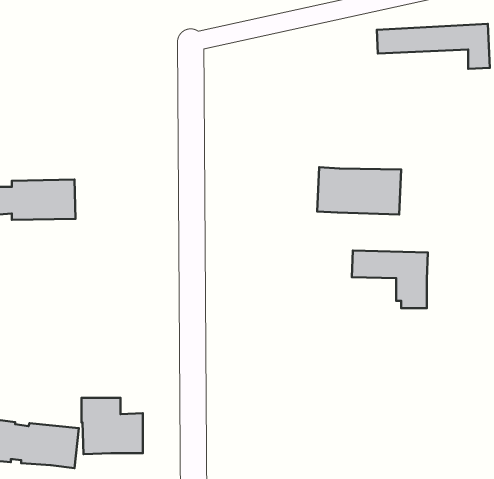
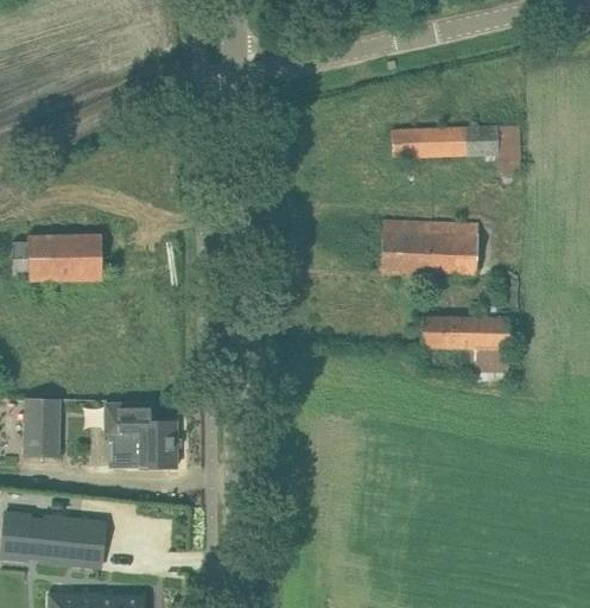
building: [377,24,490,69] -> [392,122,522,175]
building: none -> [24,399,59,455]
building: [81,398,143,454] -> [106,403,177,468]

